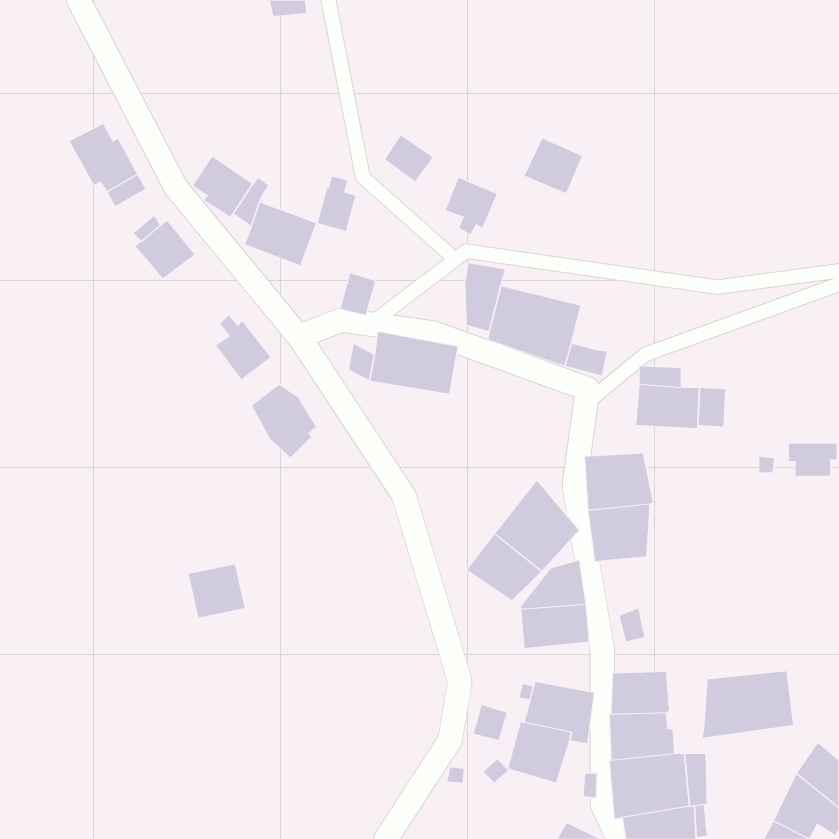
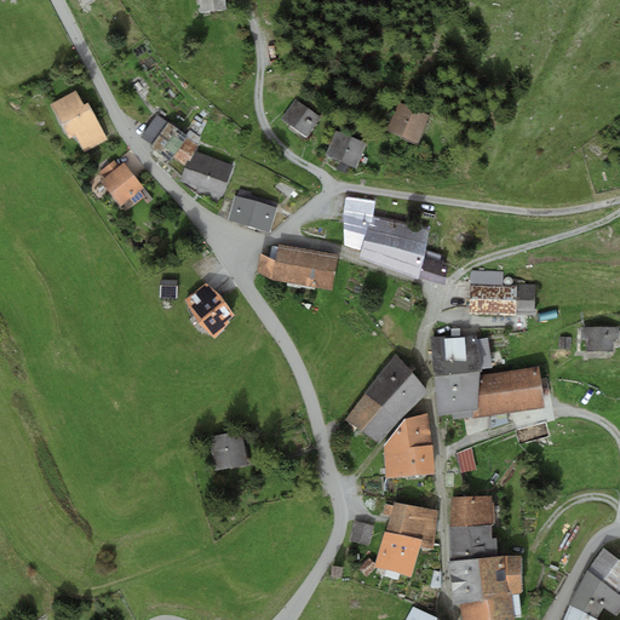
building: [317,176,356,232] -> [229,186,258,228]
building: [215,315,271,380] -> none
building: [188,564,245,618] -> [207,431,249,471]
building: [702,671,794,738] -> [476,368,544,418]

